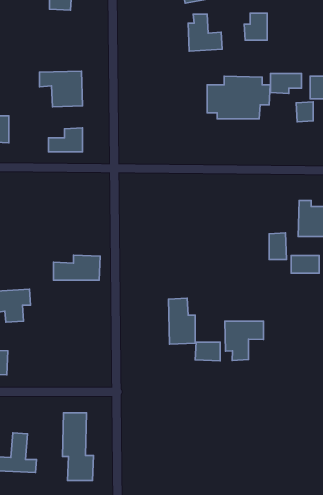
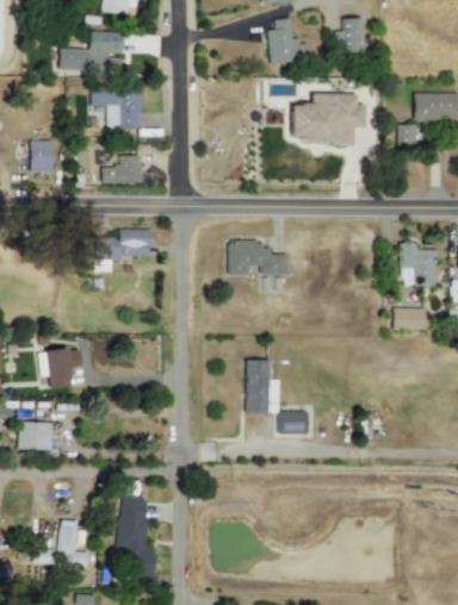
building: none -> [60,32,123,70]
building: [270,74,302,93] -> none
building: none -> [229,242,287,275]
building: [269,233,287,260] -> none
building: [53,255,100,280] -> [97,229,153,258]
building: [225,321,264,361] -> none

